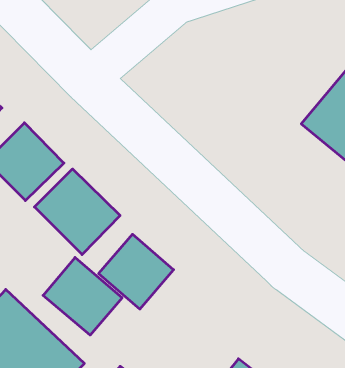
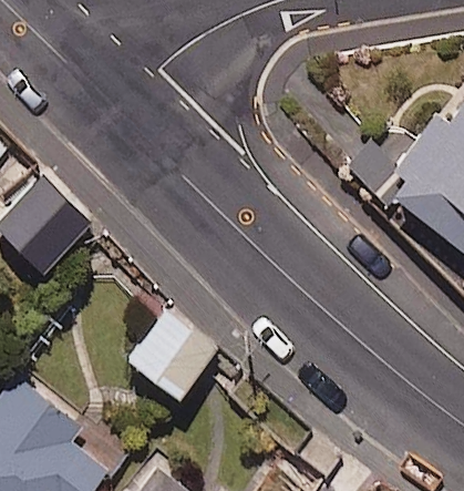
building: [34,169,120,255] -> none
building: [43,257,122,335] -> none

